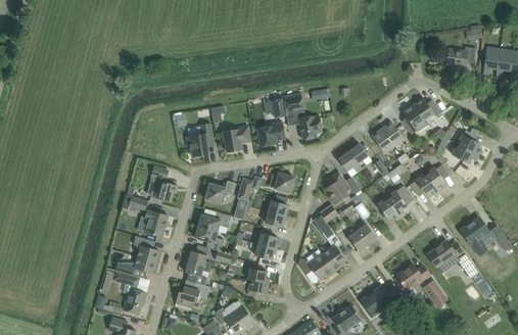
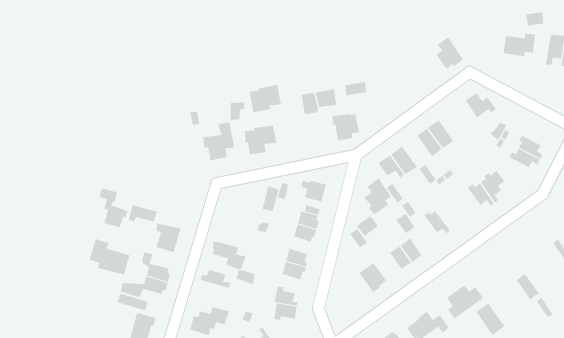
building: [402,104,426,133] -> [436,37,464,70]
building: [256,122,285,146] -> [249,84,282,113]
building: [151,165,177,200] -> [99,188,128,228]
building: [204,180,233,203] -> none
building: [387,185,413,217] -> none
building: [195,211,230,231] -> none
building: [460,217,488,244] -> none
building: none -> [89,238,130,276]
building: [427,240,462,267] -> none
building: [297,253,333,279] -> none
building: [182,259,209,285] -> none

